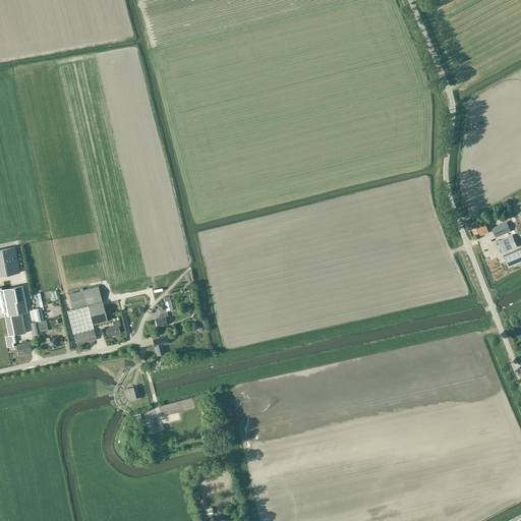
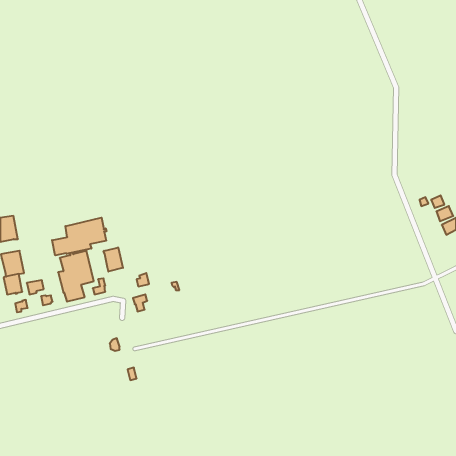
building: none -> [52,218,106,255]
building: none -> [104,247,123,272]

